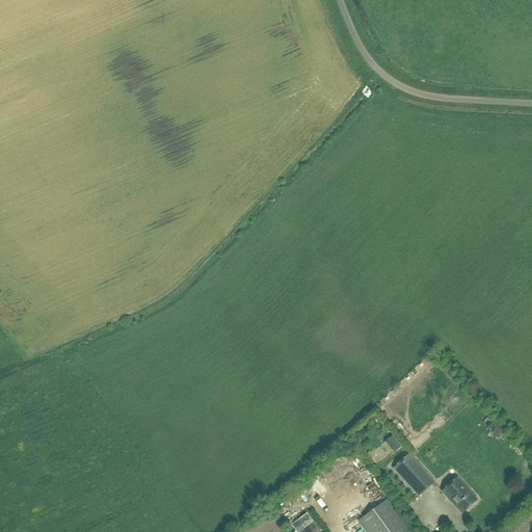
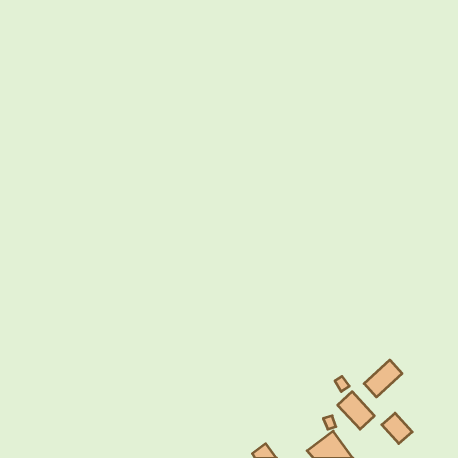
building: none -> [364,360,402,397]

